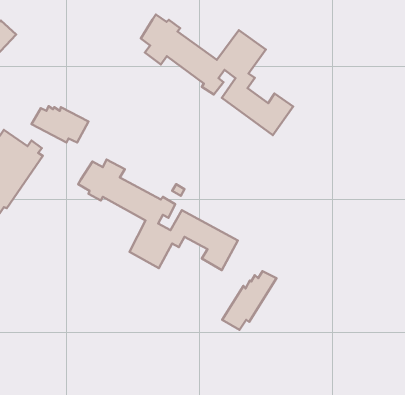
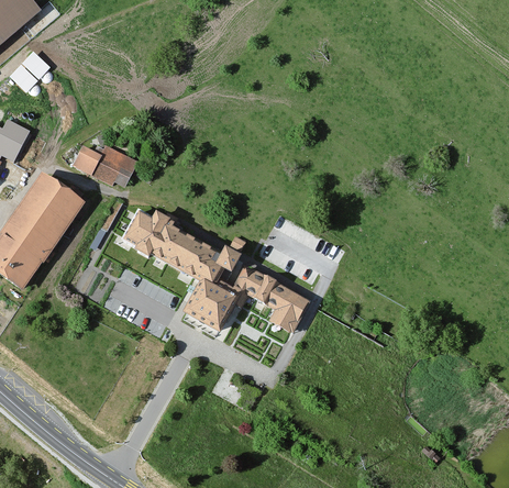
building: [141,15,293,135] -> none
building: [222,271,277,330] -> none

